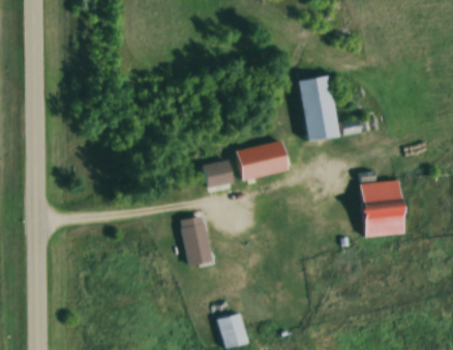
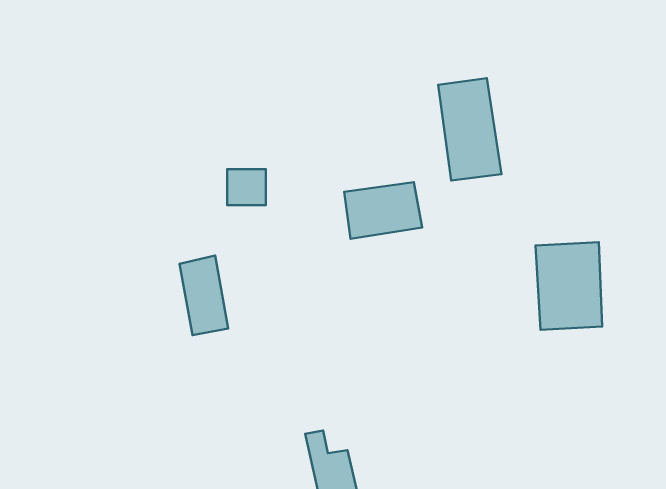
building: [206,163,231,185] -> [227,169,266,205]
building: [180,214,211,265] -> [180,256,228,335]

